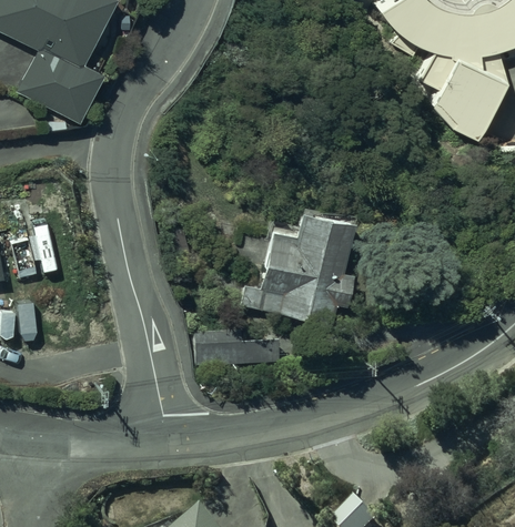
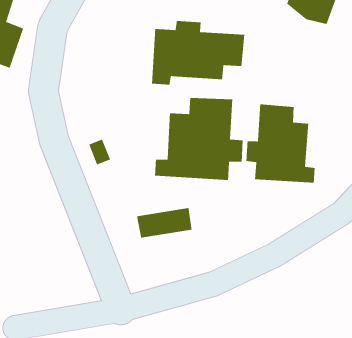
building: none -> [151,20,245,85]
building: none -> [245,104,315,184]

